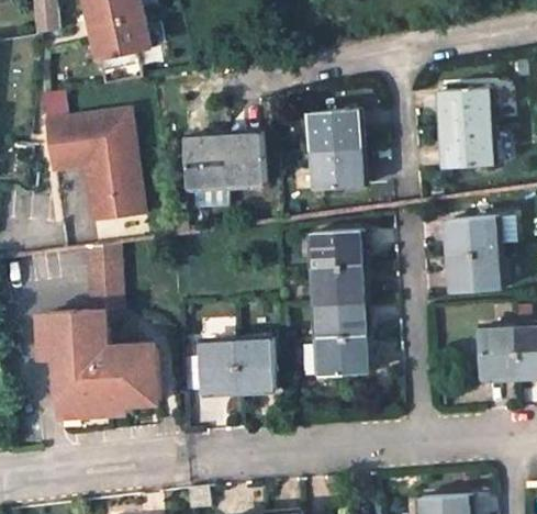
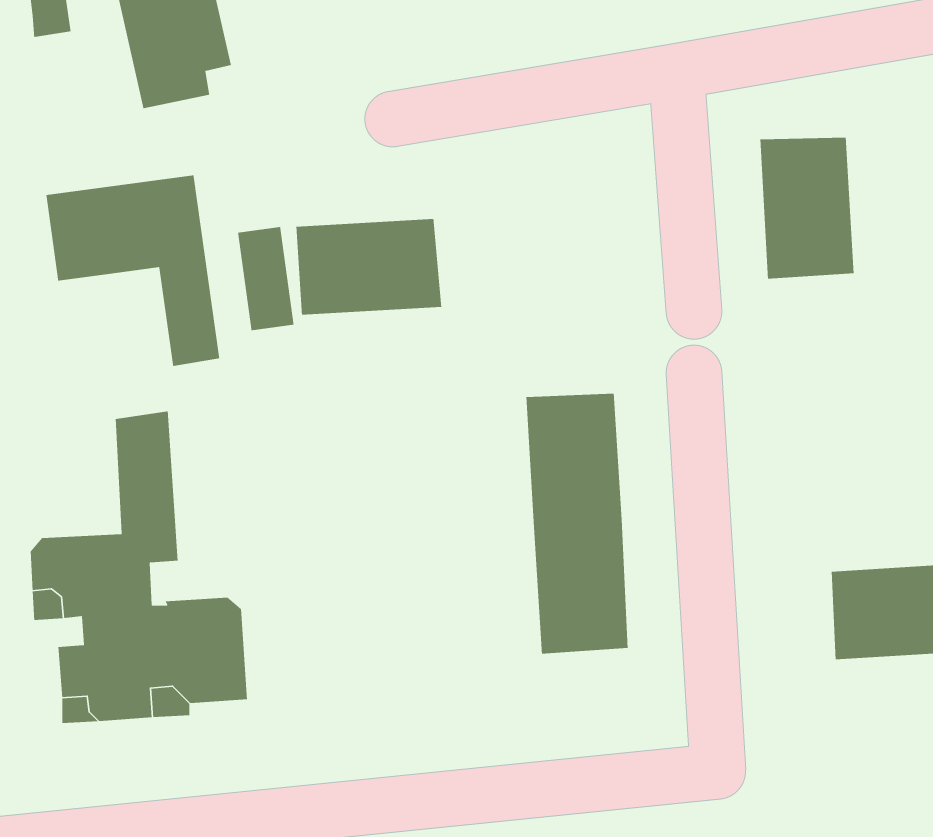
building: [310,110,363,190] -> none
building: [83,161,115,220] -> [237,226,295,331]
building: [447,217,502,292] -> none
building: [200,340,273,392] -> none

